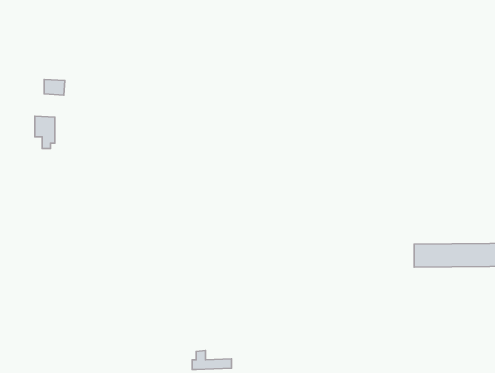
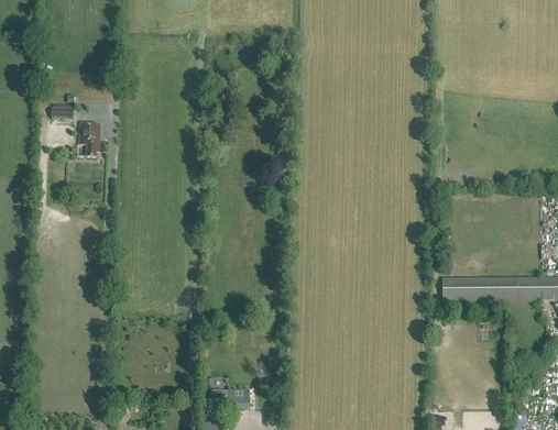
building: [35,116,55,148] -> [79,123,100,157]

